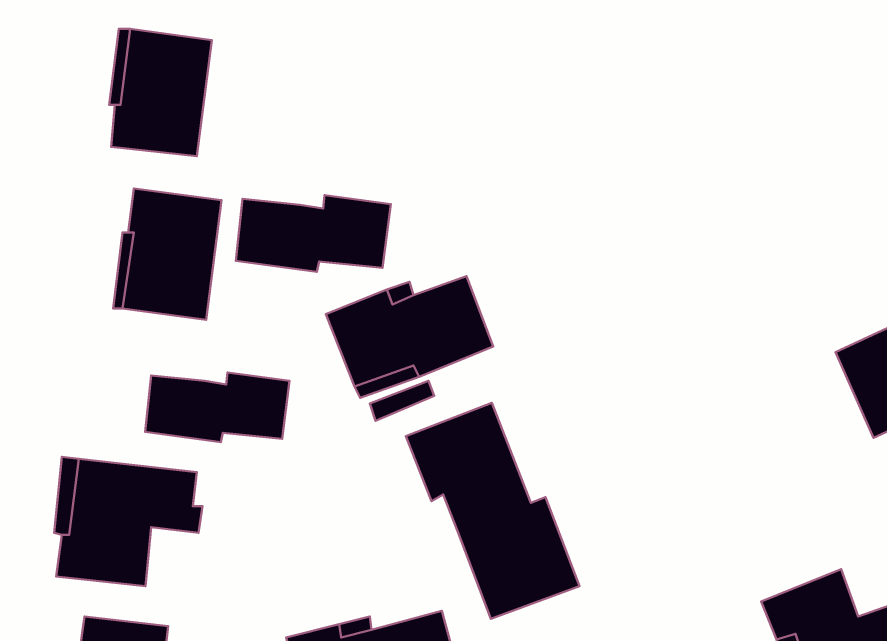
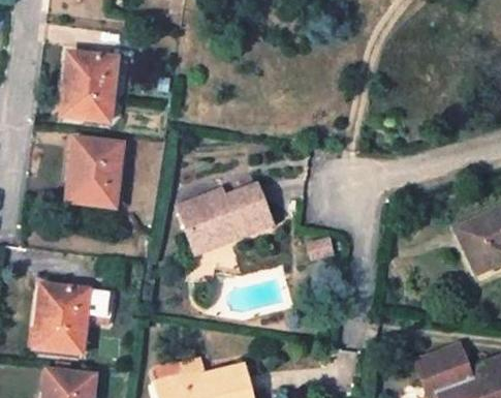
building: [236,195,391,272] -> none
building: [145,372,289,442] -> none
building: [406,403,580,619] -> none

